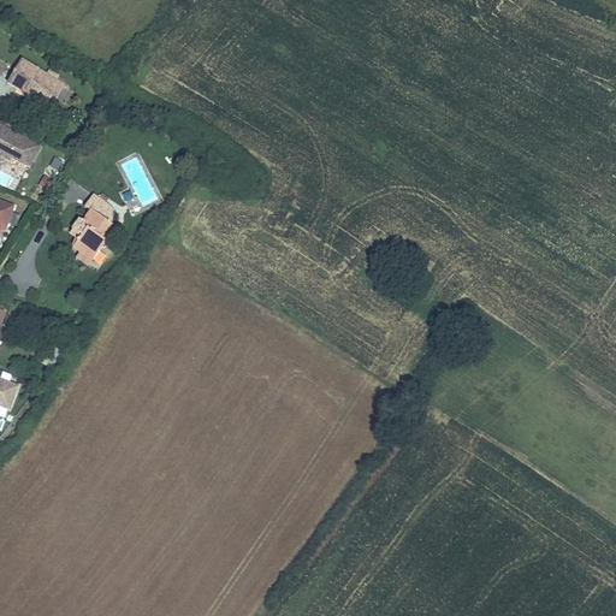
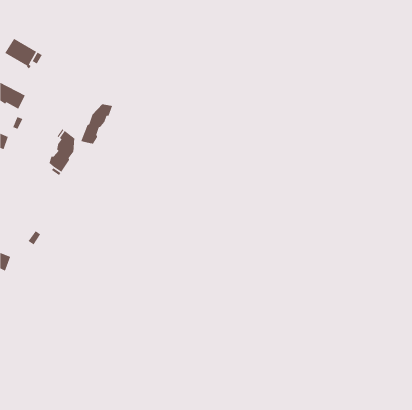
building: none -> [80,104,113,144]

